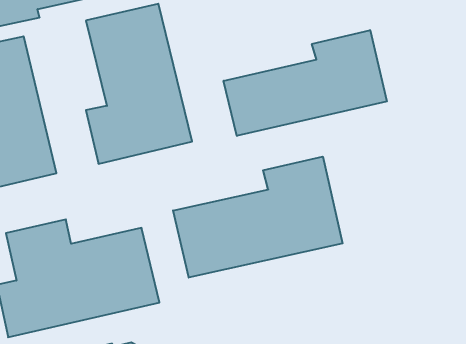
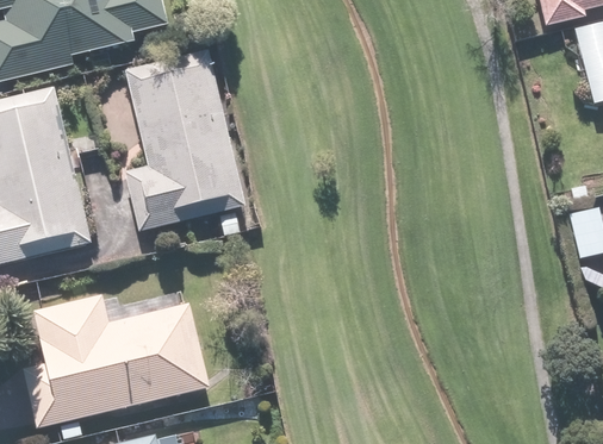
building: [224,30,387,136] -> none
building: [173,157,343,278] -> none

